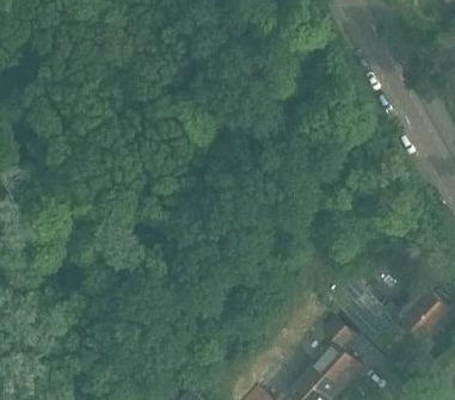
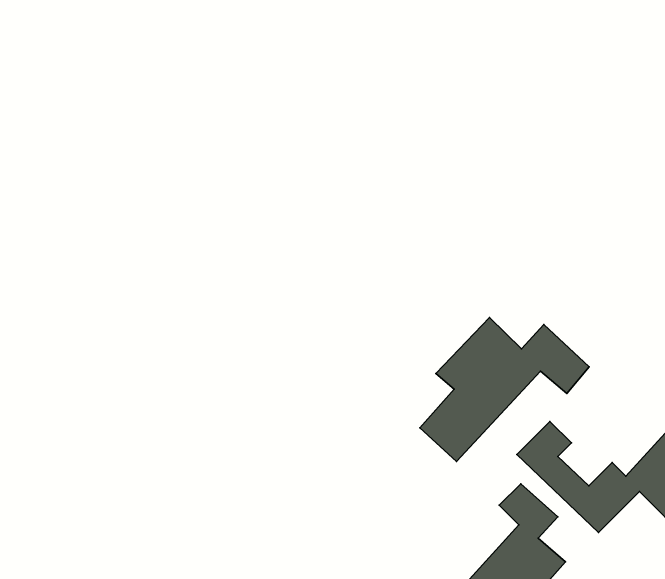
building: none -> [420,317,589,461]

